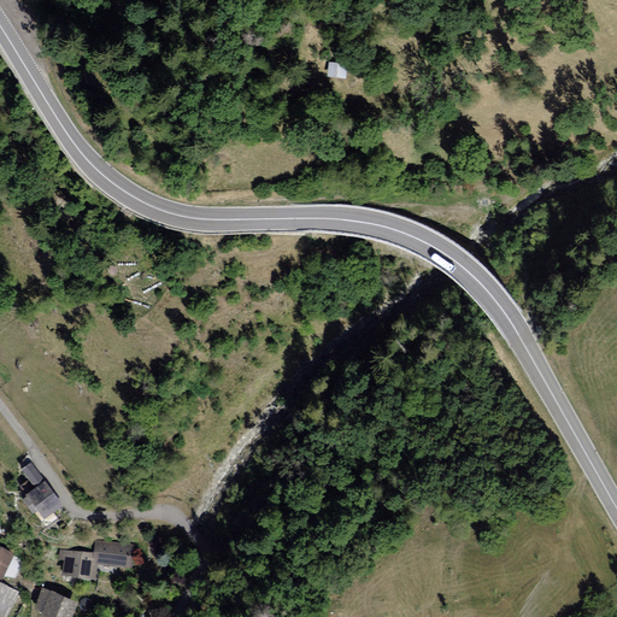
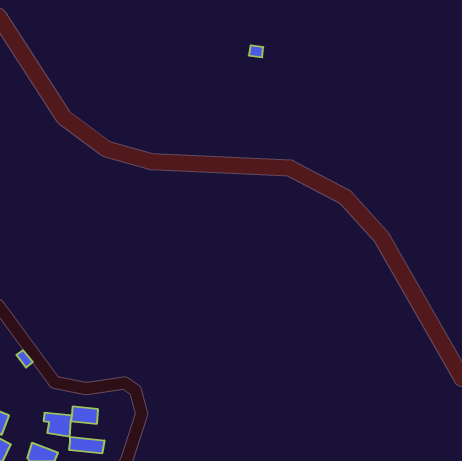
building: [25,483,65,521] -> none
building: none -> [69,437,104,453]

